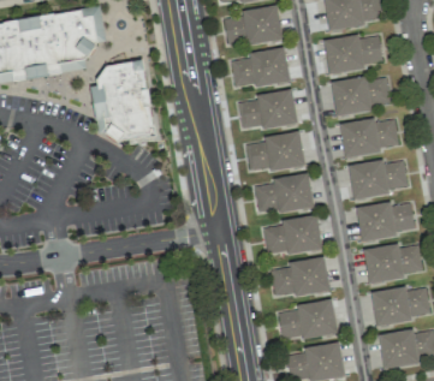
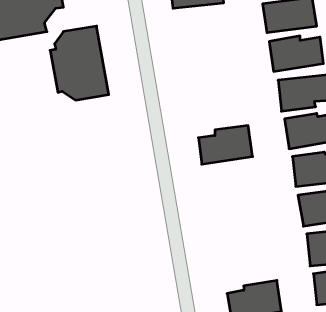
building: [230,47,289,89] -> none
building: [238,89,297,129] -> none
building: [245,131,303,172] -> none
building: [262,215,321,254] -> none
building: [269,256,329,297] -> none
building: [277,298,337,340] -> none

